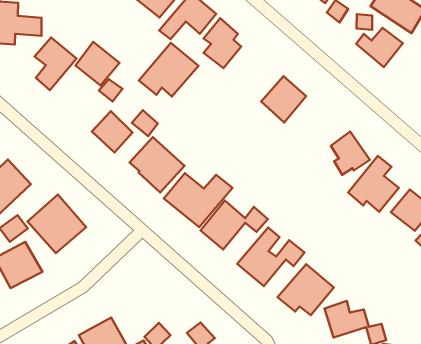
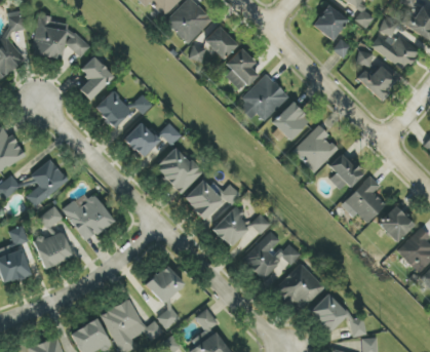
building: [76,42,119,85] -> [94,89,132,127]
building: [139,43,199,96] -> [237,74,289,120]
building: none -> [292,124,338,171]
building: none -> [145,264,185,304]

